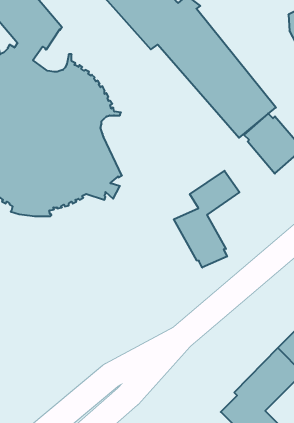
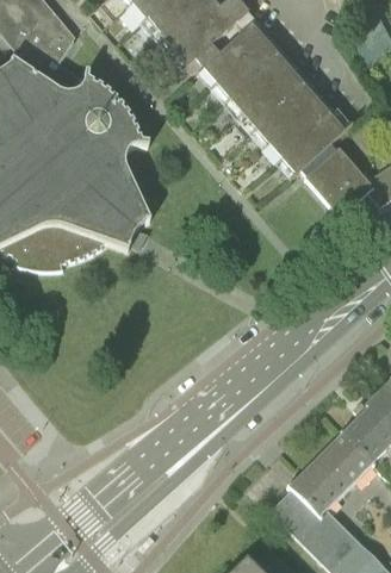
building: [174,171,239,268] -> none

